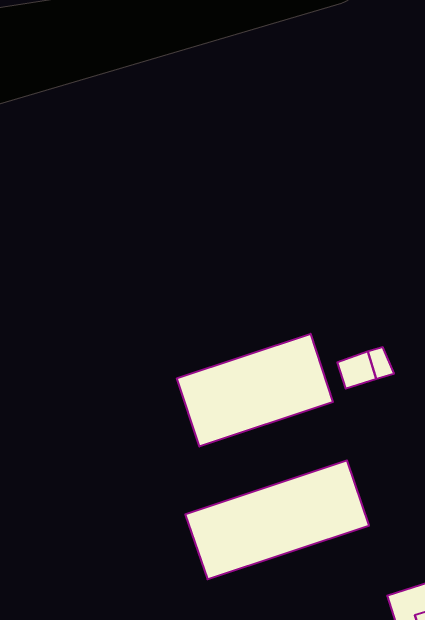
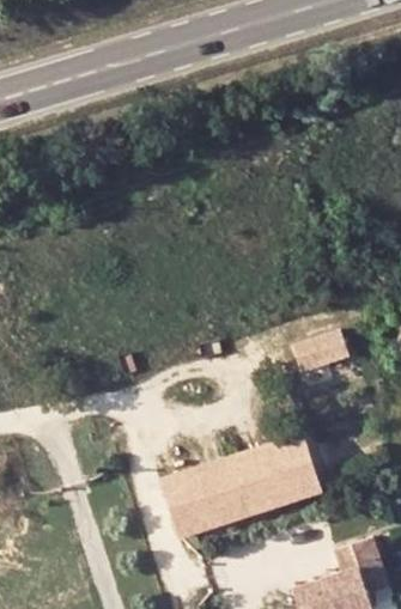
building: [177,334,333,447] -> none

